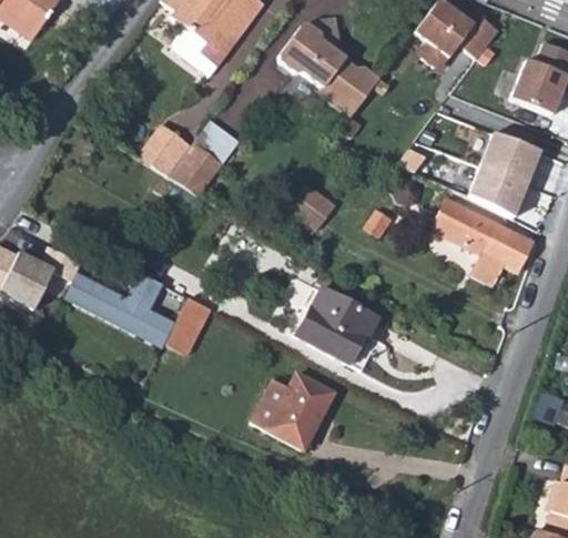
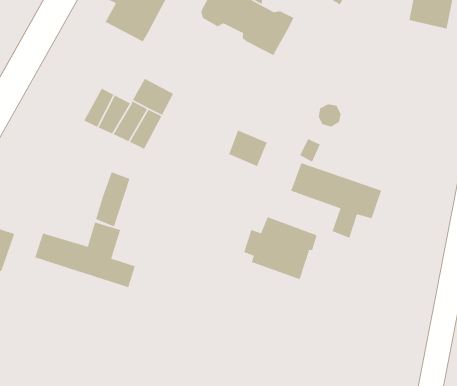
building: [474,128,542,213] -> none
building: [430,199,531,291] -> [290,162,382,239]
building: [160,295,205,357] -> [95,171,130,228]
building: [252,373,333,449] -> none

